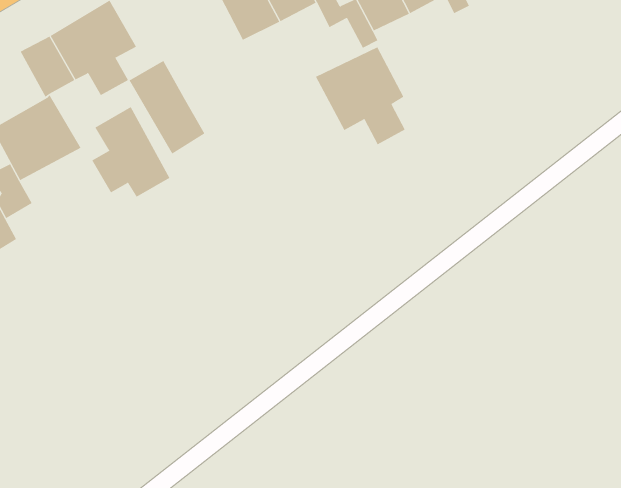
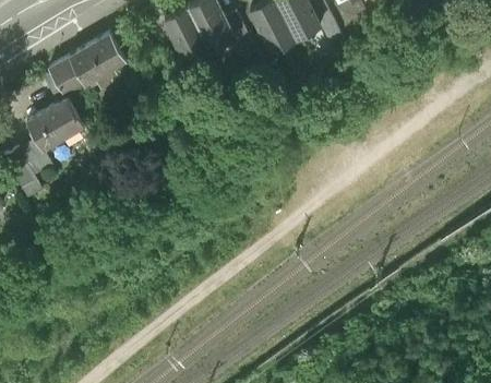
building: [315,46,406,145] -> none
building: [129,60,205,154] -> none
building: [92,106,170,197] -> none

